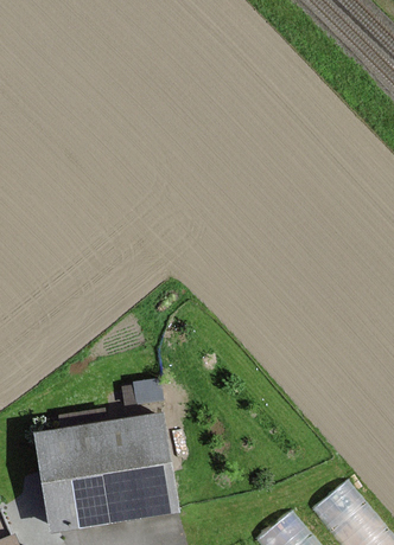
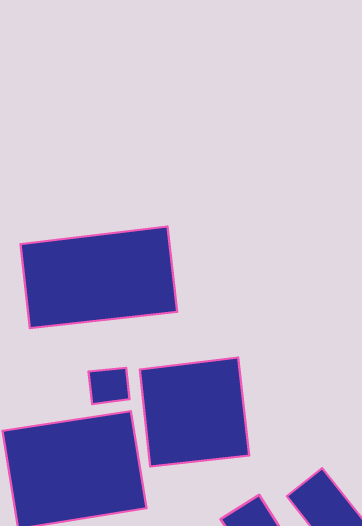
building: none -> [21,227,177,328]
building: none -> [140,357,249,466]

